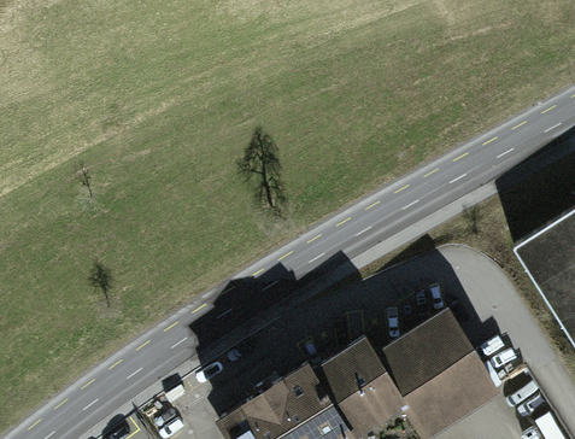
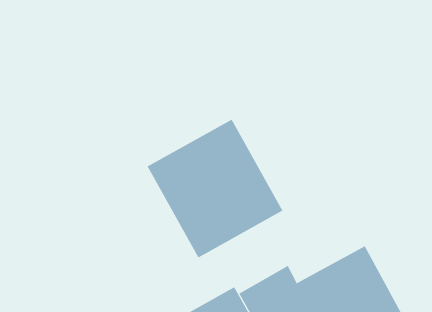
building: none -> [147,119,283,258]

